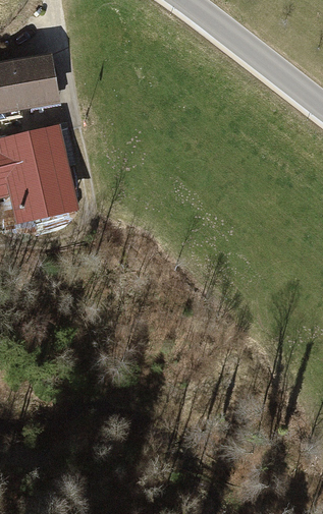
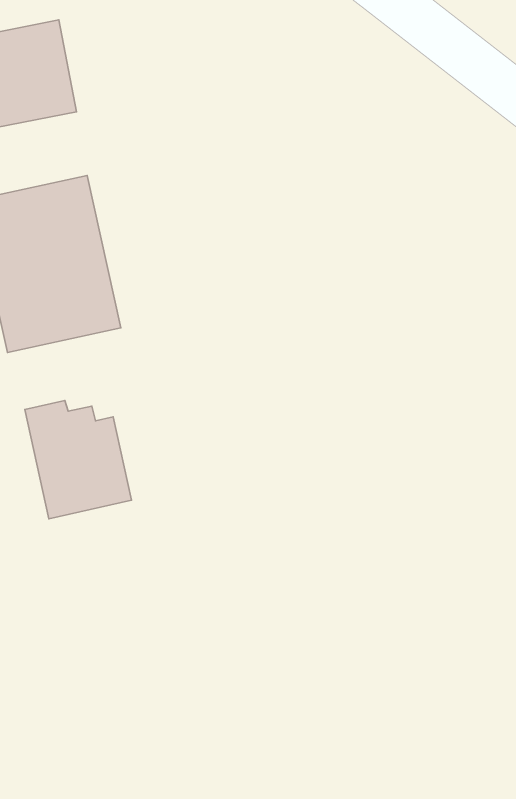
building: none -> [25,401,132,519]

